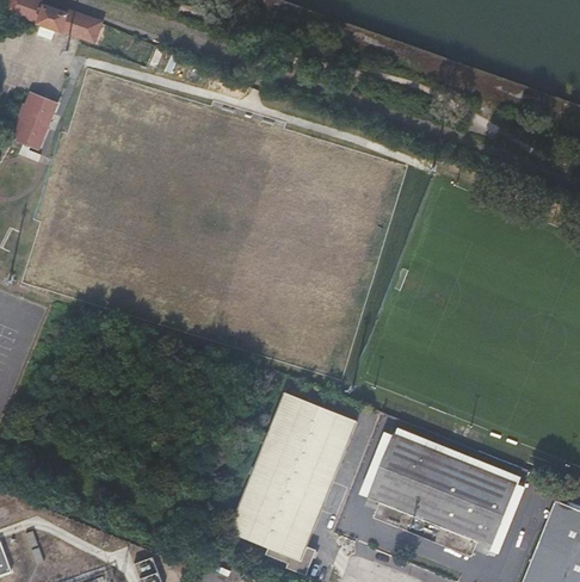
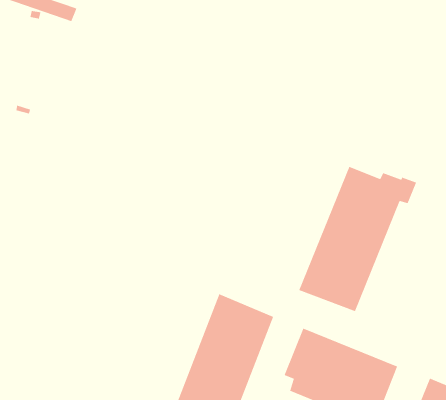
building: [13,92,57,148] -> none
building: none -> [298,166,417,312]

